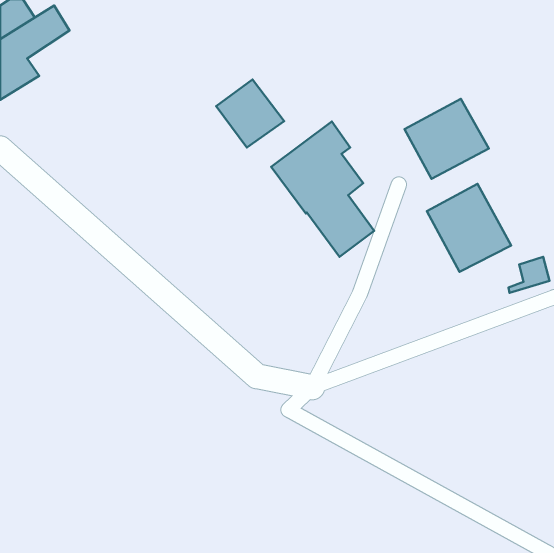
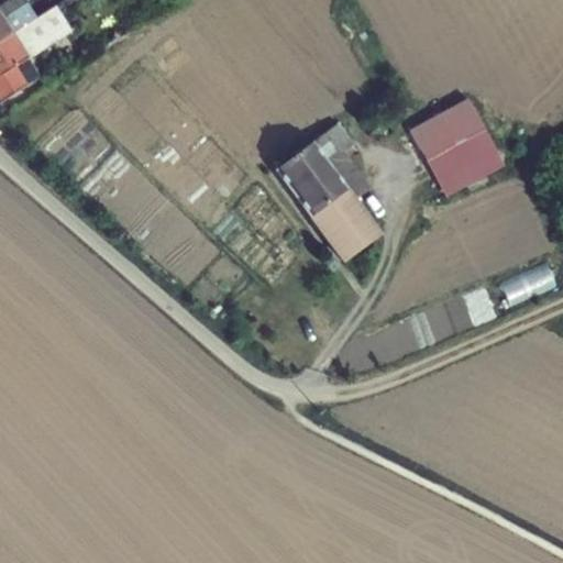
building: [216,79,284,147] -> none
building: [427,184,511,272] -> none

